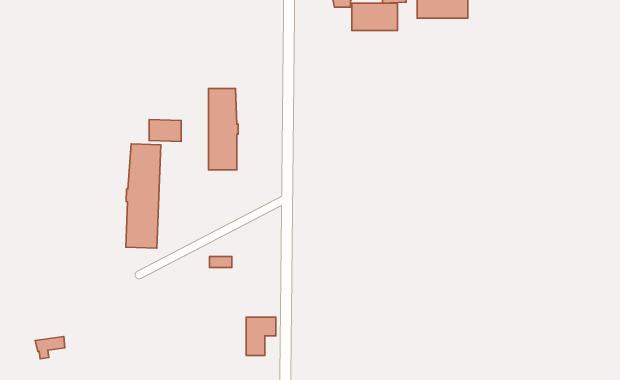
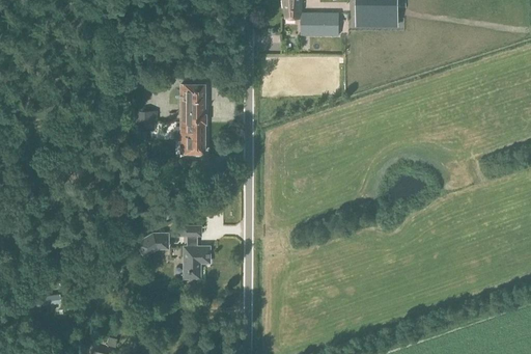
building: [126,144,161,248] -> none
building: none -> [137,234,168,256]
building: [246,317,276,356] -> [185,247,209,279]

